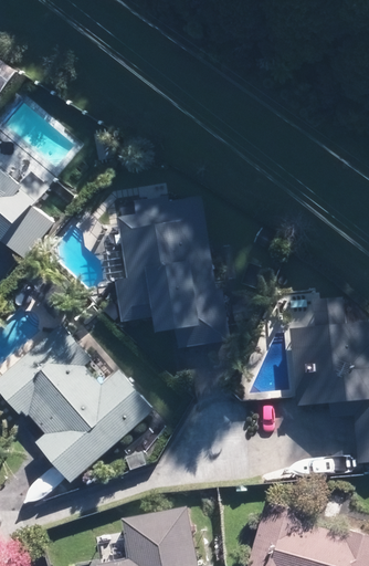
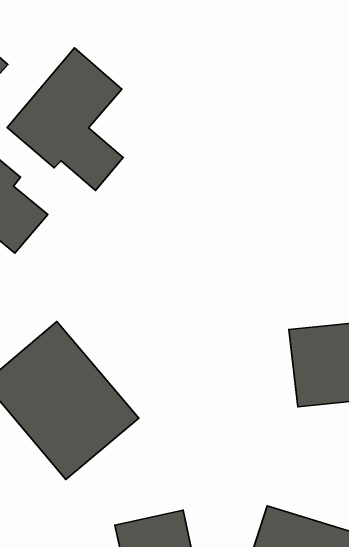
building: none -> [7,48,123,190]
building: [110,200,226,349] -> none

